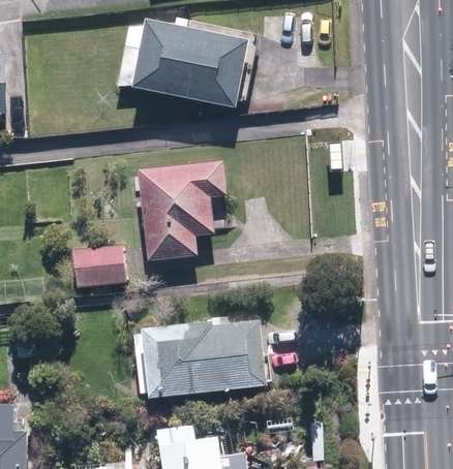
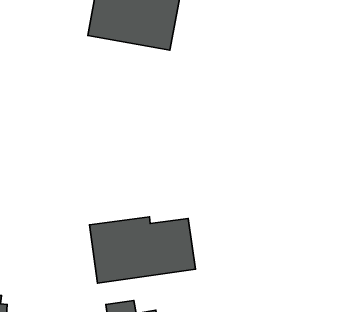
building: [135,158,228,260] -> none
building: [70,243,130,284] -> none

